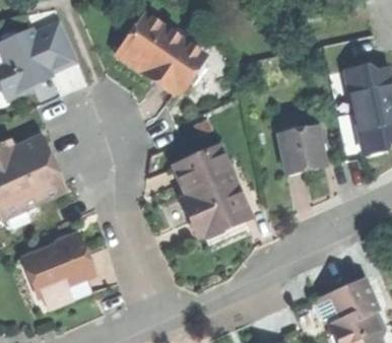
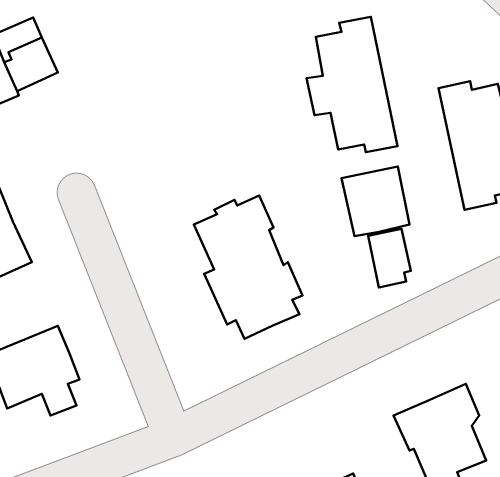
building: [122,12,206,92] -> none
building: none -> [307,17,397,152]
building: none -> [368,229,411,287]

